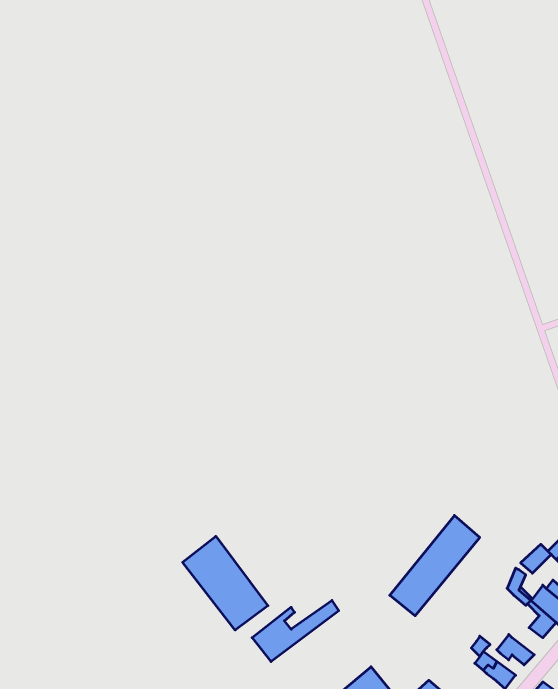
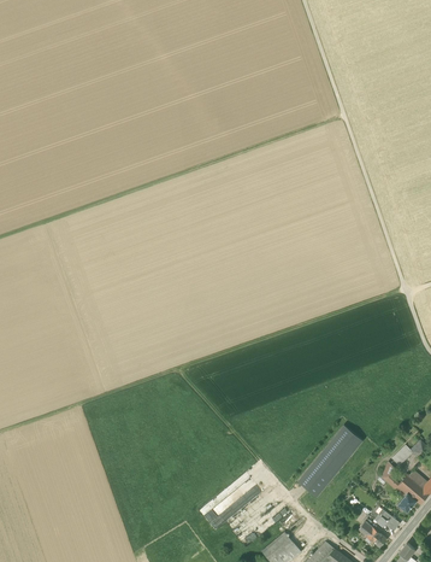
building: [183,536,268,630] -> none

